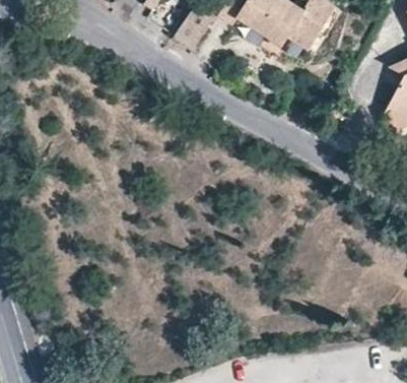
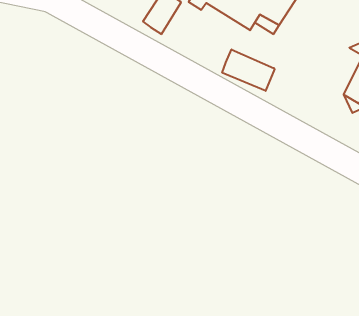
building: none -> [222,49,275,91]

